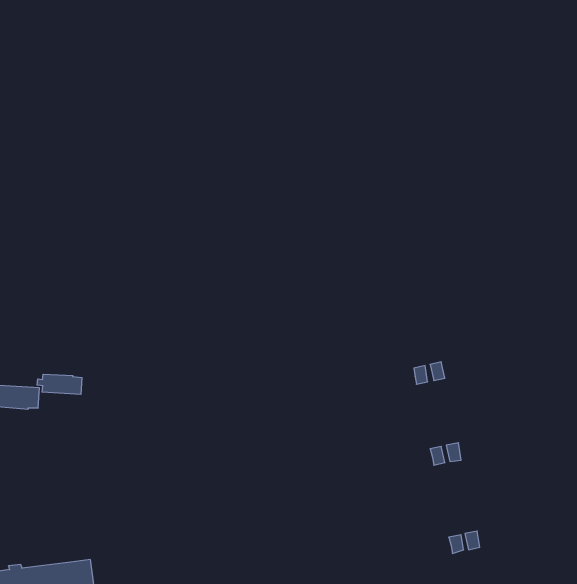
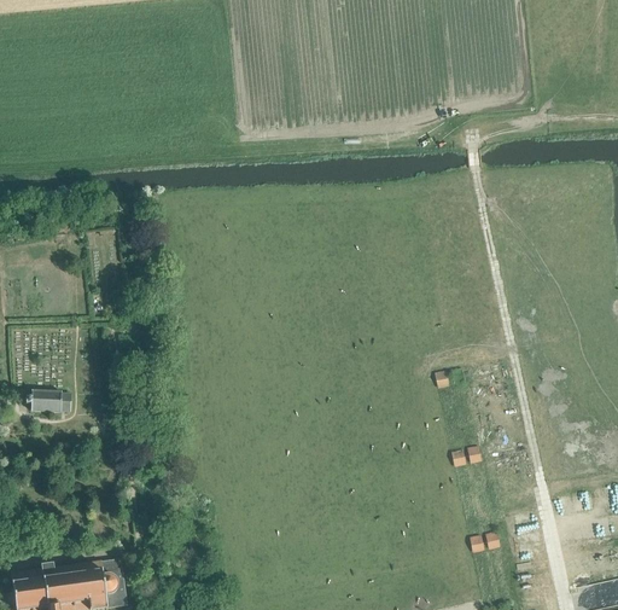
building: [37,374,82,394] -> none

